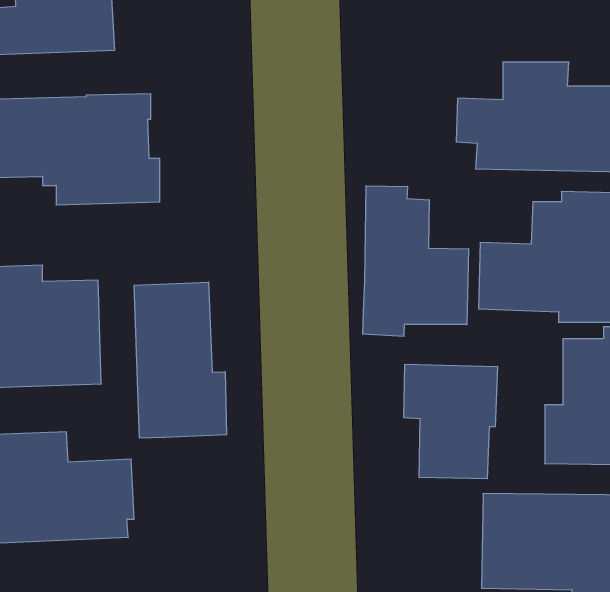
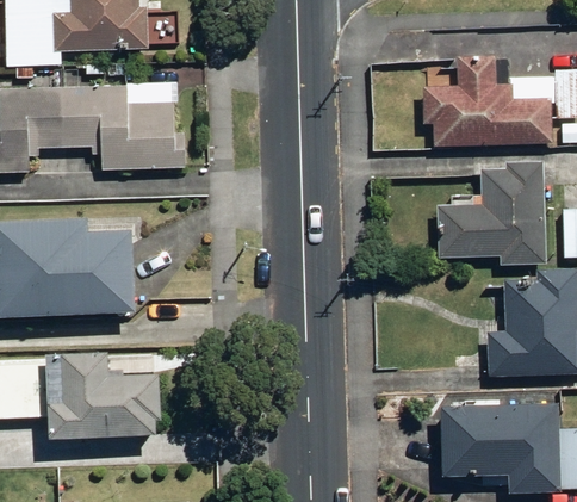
building: [363,186,469,336] -> none
building: [134,282,227,438] -> none
building: [404,364,497,479] -> none

